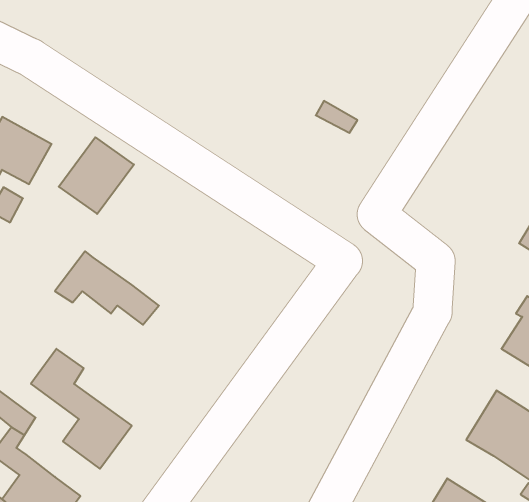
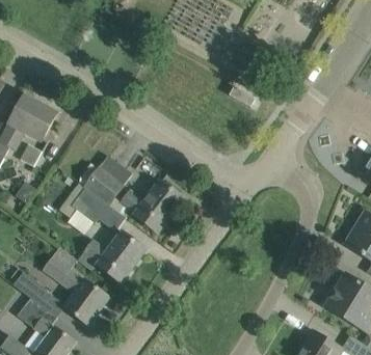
building: [59,137,134,214] -> [83,155,132,204]
building: none -> [118,181,182,231]
building: none -> [77,231,144,280]

